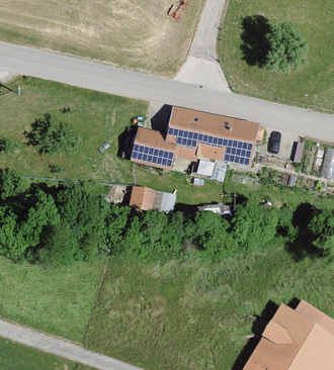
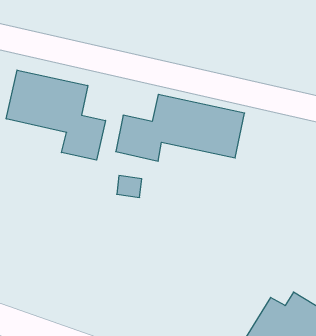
building: none -> [6,70,105,160]

